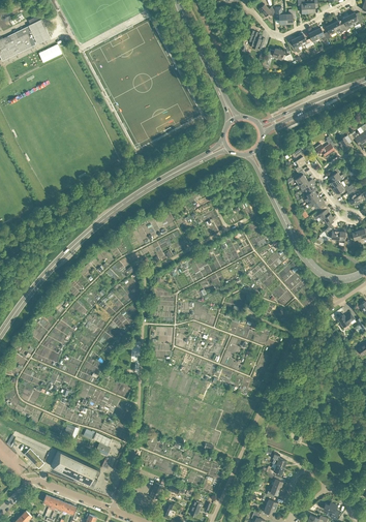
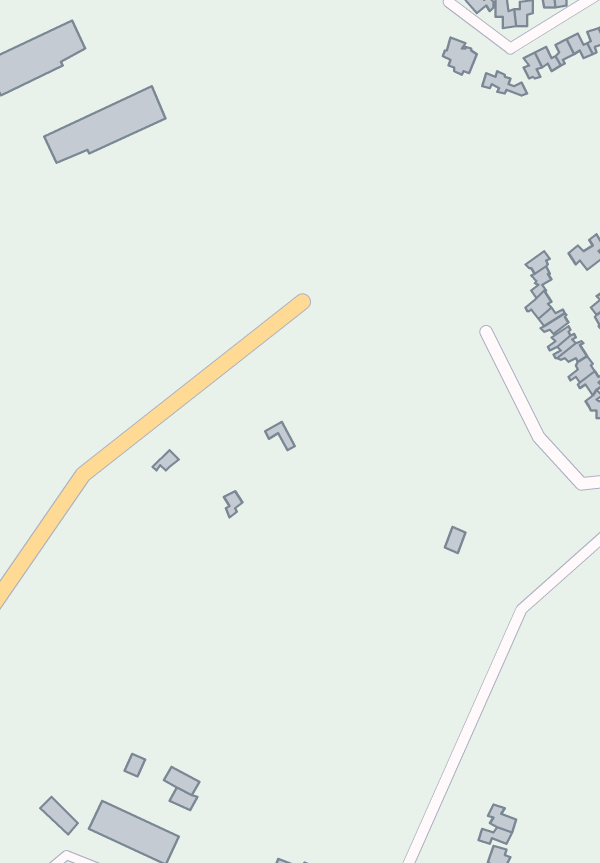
building: none -> [44,86,166,163]

